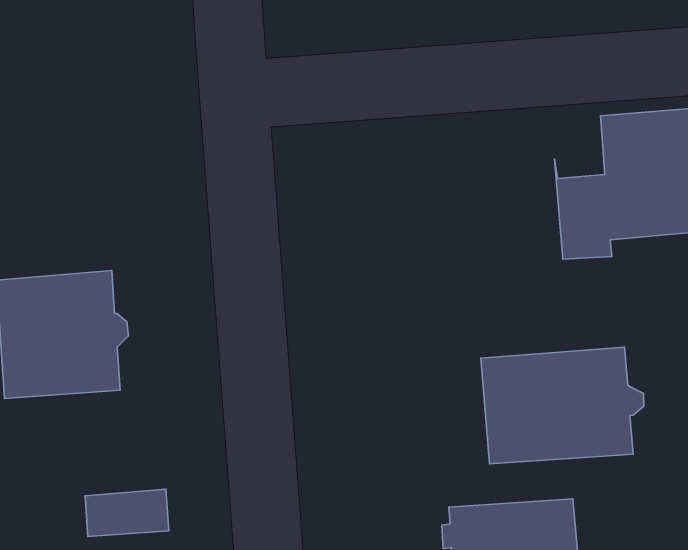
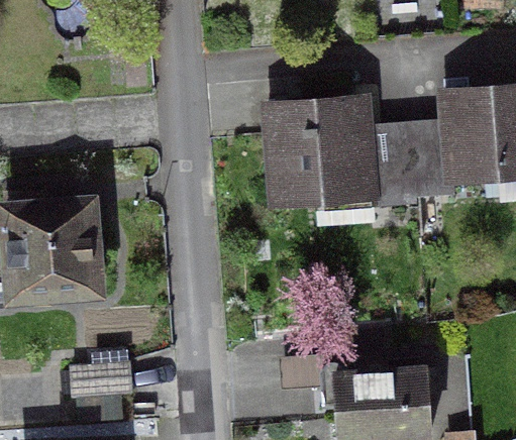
building: none -> [268,97,417,199]
building: [481,347,644,464] -> none

